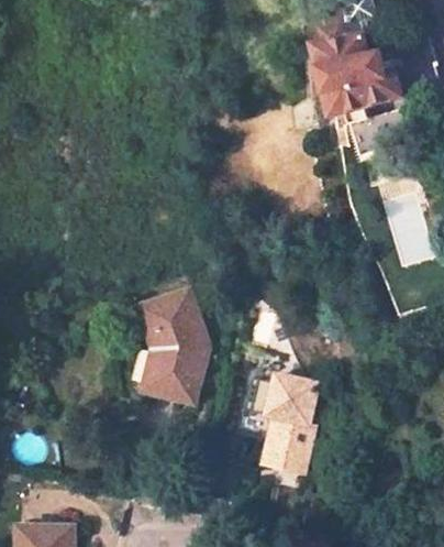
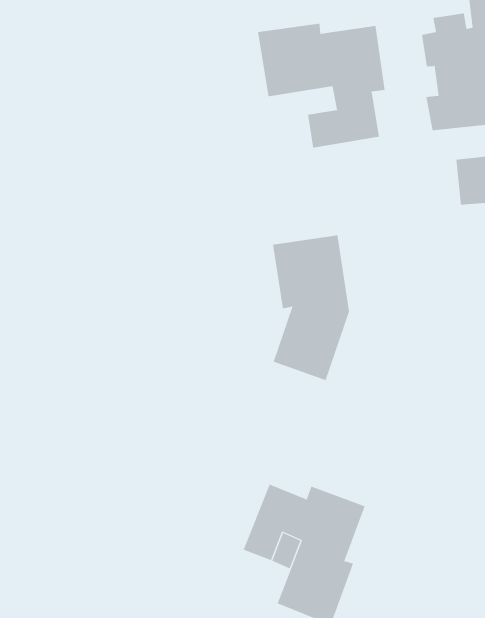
building: none -> [258,23,385,148]
building: [142,288,204,396] -> [272,235,350,381]

